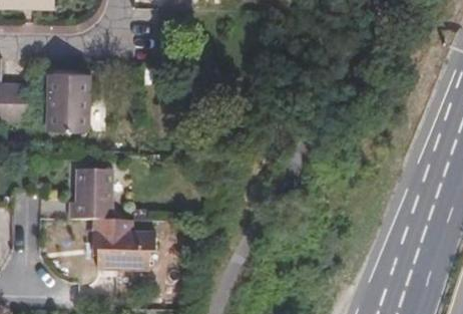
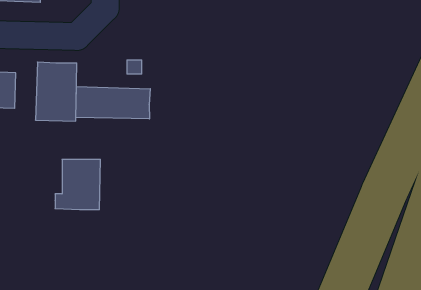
building: none -> [76,87,150,119]
building: [90,220,153,270] -> none

